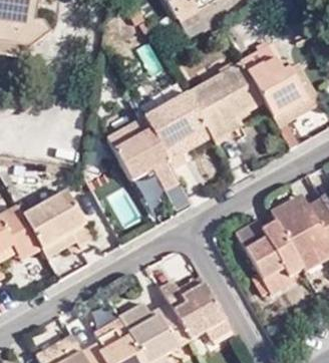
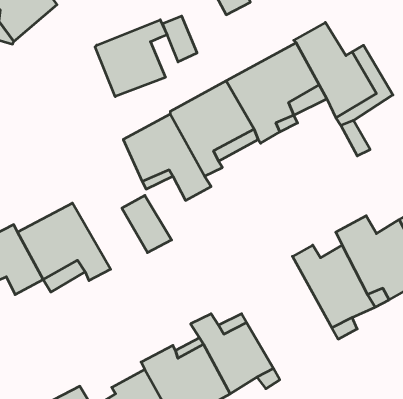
building: none -> [95,20,167,97]

